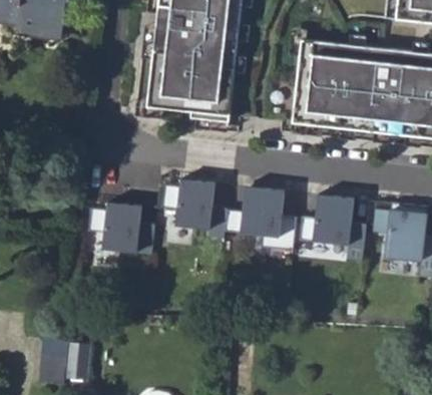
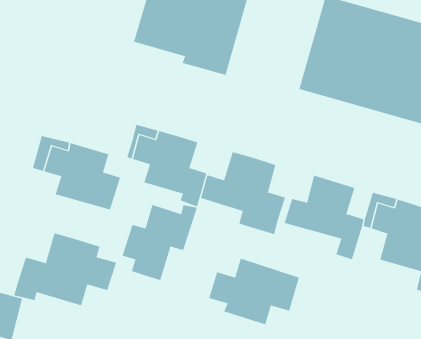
building: none -> [122,204,197,281]
building: none -> [209,258,299,325]
building: none -> [13,232,117,306]

